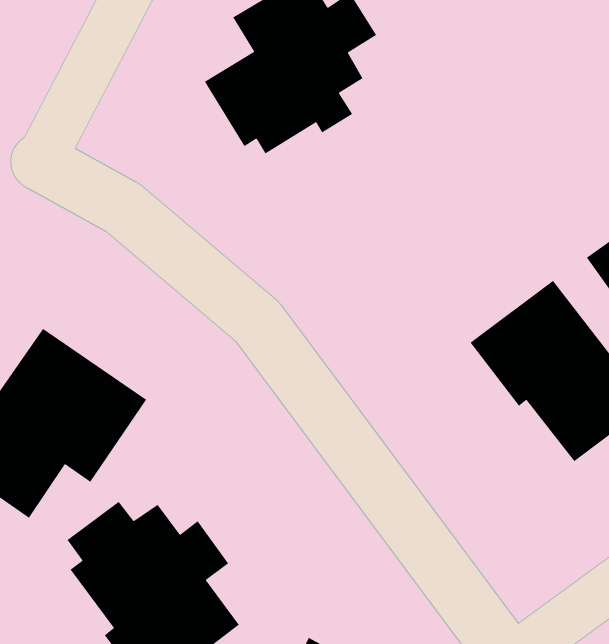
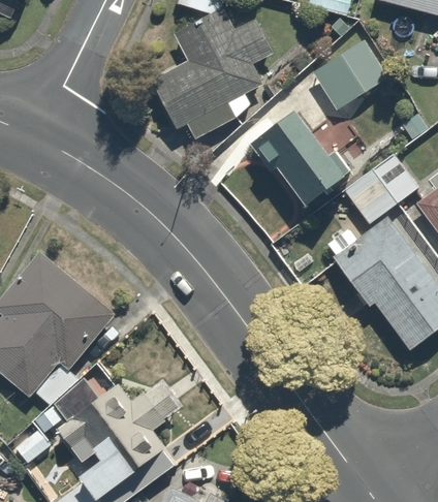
building: none -> [314,38,378,103]
building: none -> [249,111,341,205]
building: none -> [343,154,416,223]

